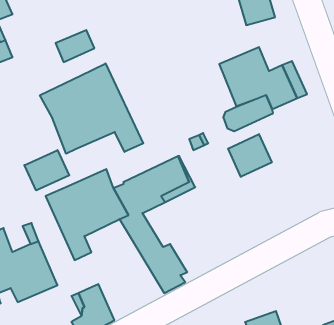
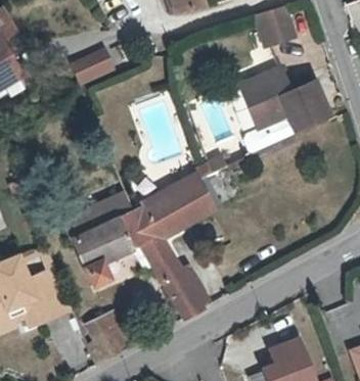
building: [40,63,143,154] -> none
building: [228,134,272,177] -> none
building: [24,150,69,190] -> none

